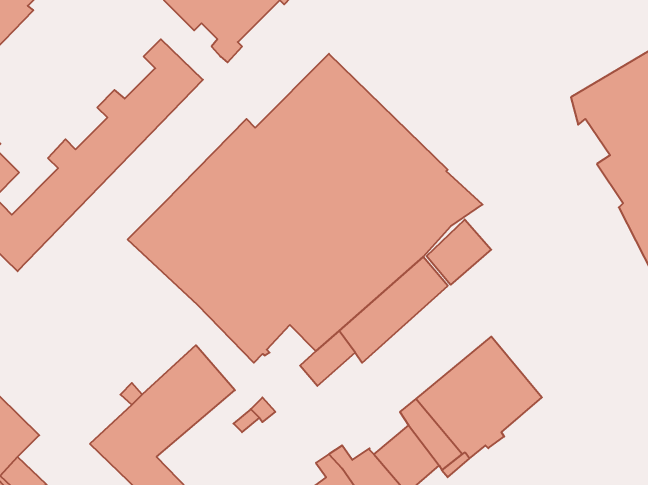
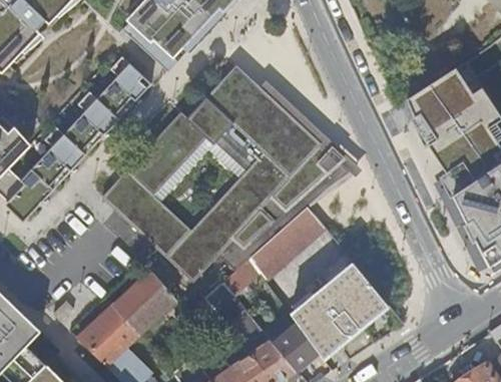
building: [427,219,491,285] -> none

